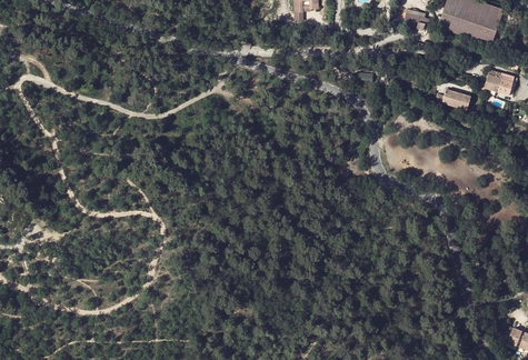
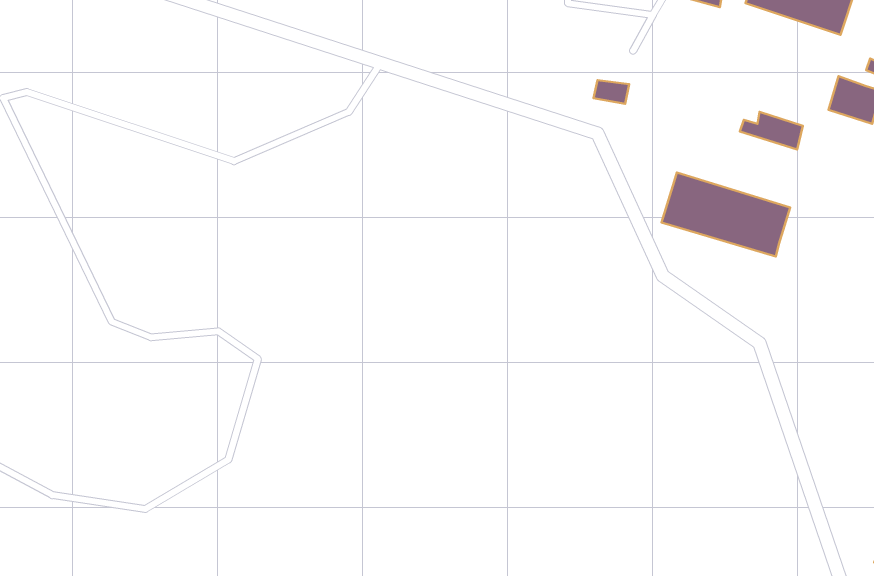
building: none -> [661,172,790,257]

